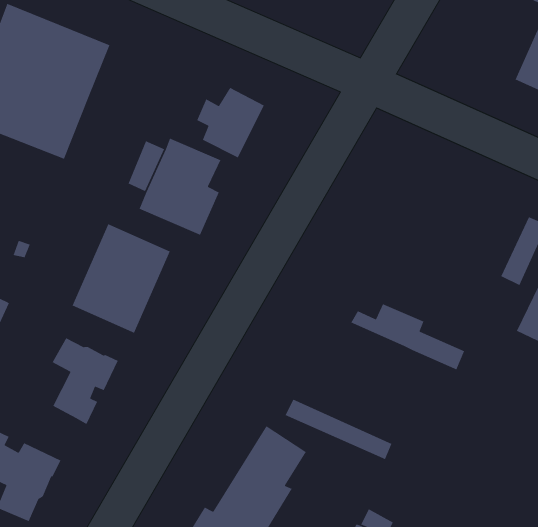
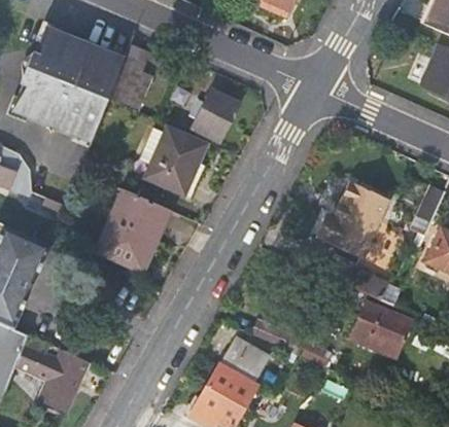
building: none -> [109,46,151,108]
building: none -> [315,181,390,258]
building: [52,337,119,425] -> none
building: none -> [350,300,412,357]

